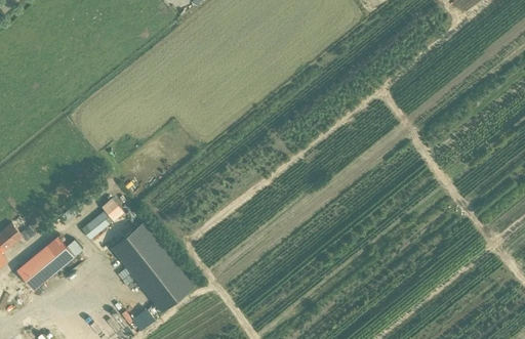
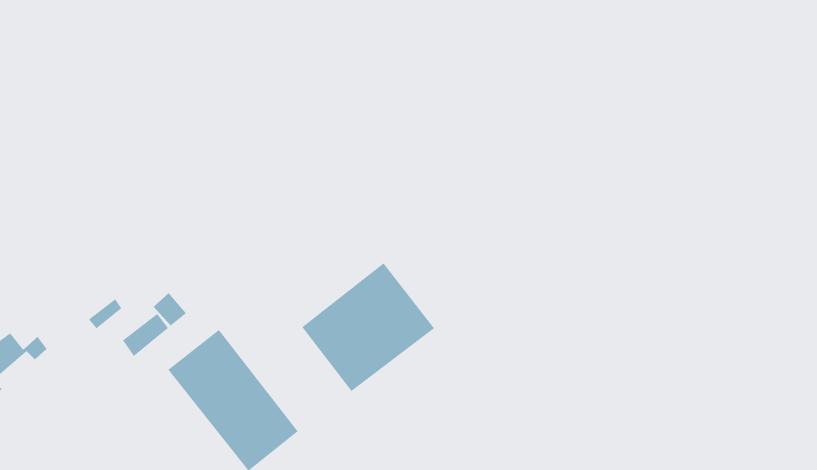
building: none -> [302,262,435,392]
building: [16,237,82,292] -> none

